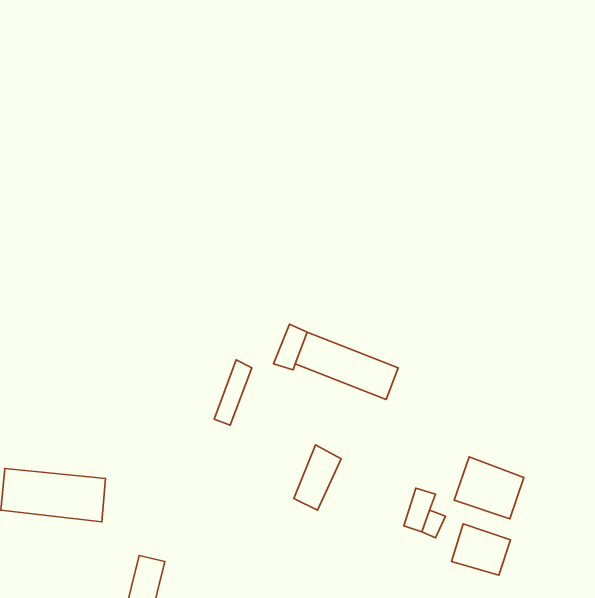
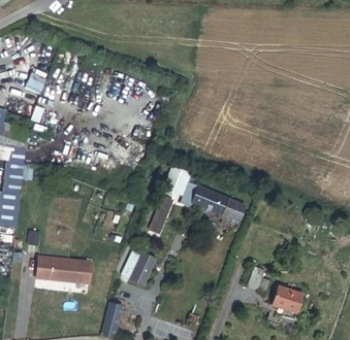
building: [294,445,341,510] -> [130,251,155,285]
building: [454,457,524,519] -> none

